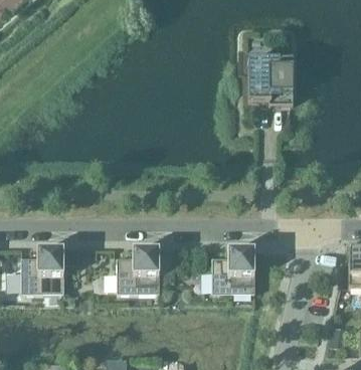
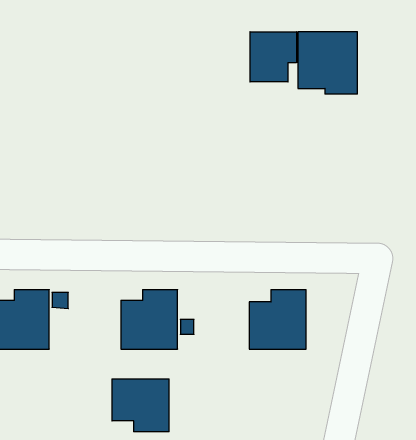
building: none -> [250,32,296,82]
building: none -> [112,379,169,432]

